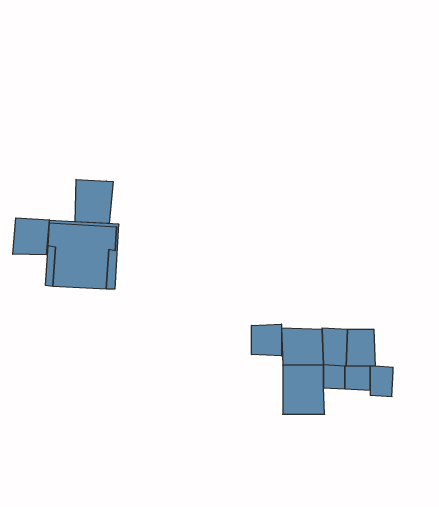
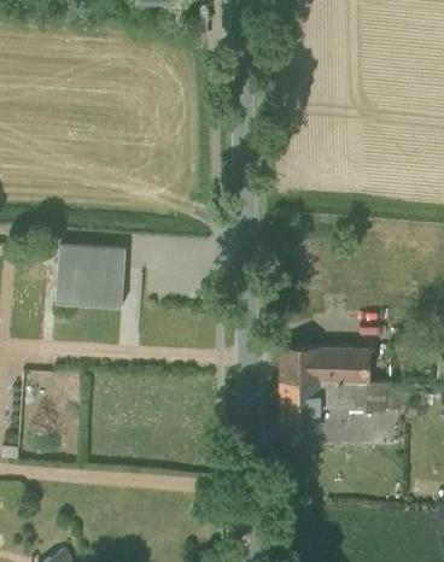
building: [75,179,113,224] -> none
building: [13,218,49,255] -> none
building: [252,324,281,356] -> none

